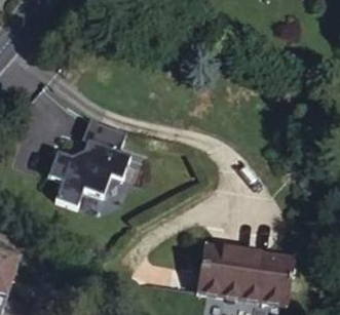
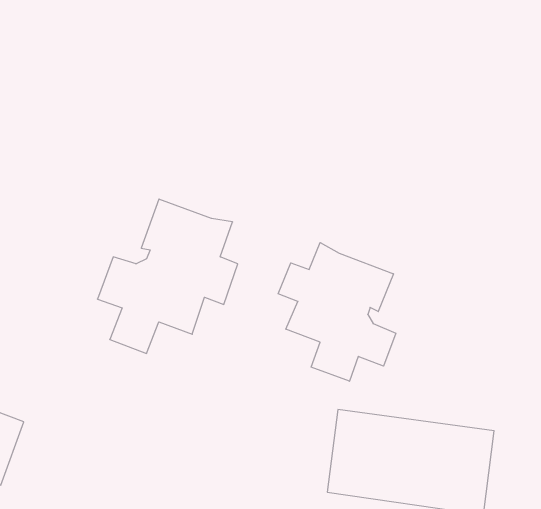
building: none -> [278,243,396,381]

